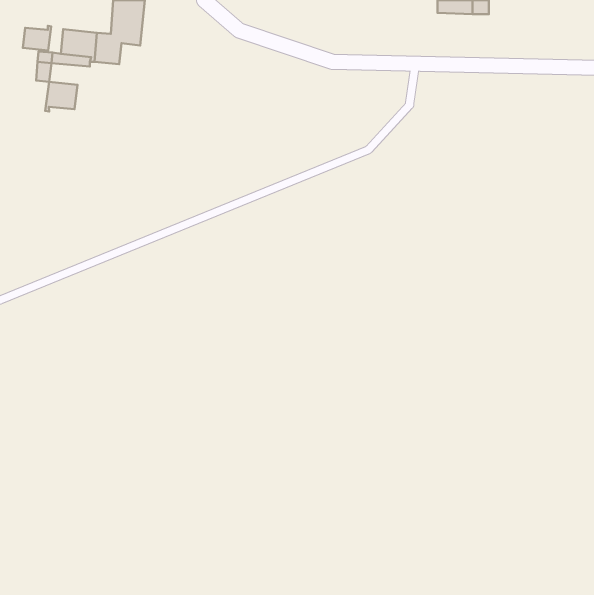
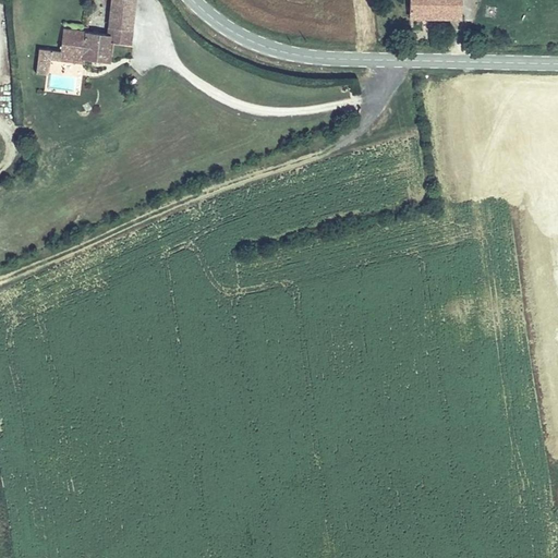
building: [23,26,51,50] -> none
building: [45,82,77,112] -> none

